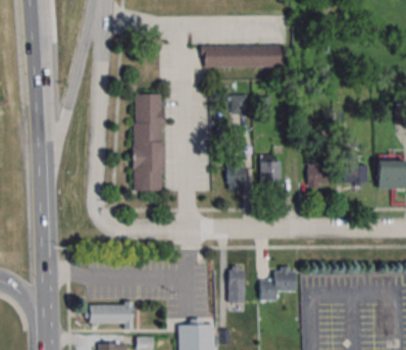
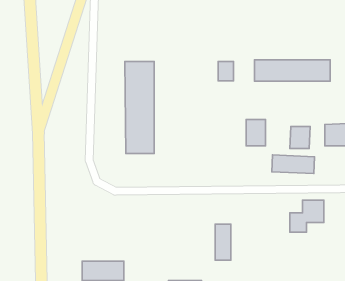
building: [202,46,282,68] -> [254,60,330,81]
building: [227,166,245,190] -> none
building: none -> [272,155,314,173]
building: [261,267,297,301] -> [290,200,324,232]

